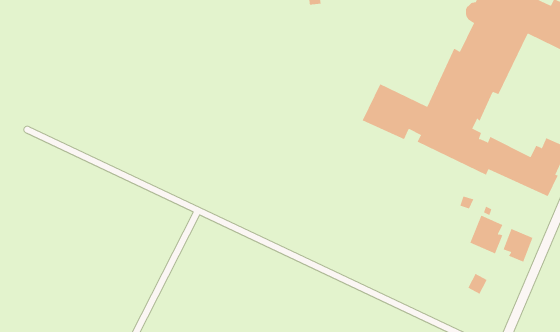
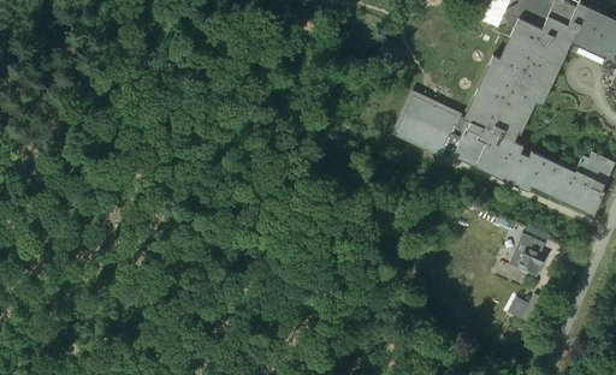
building: [503,228,533,262] -> none

